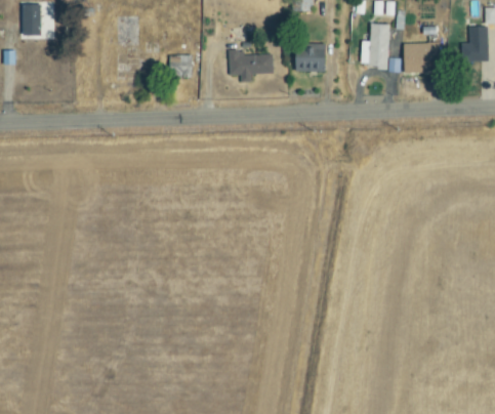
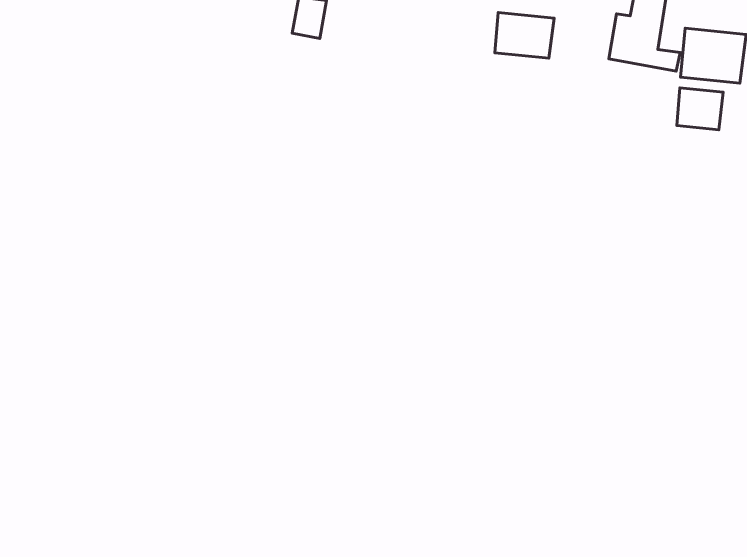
building: [230,51,274,81] -> none
building: none -> [677,88,723,130]

